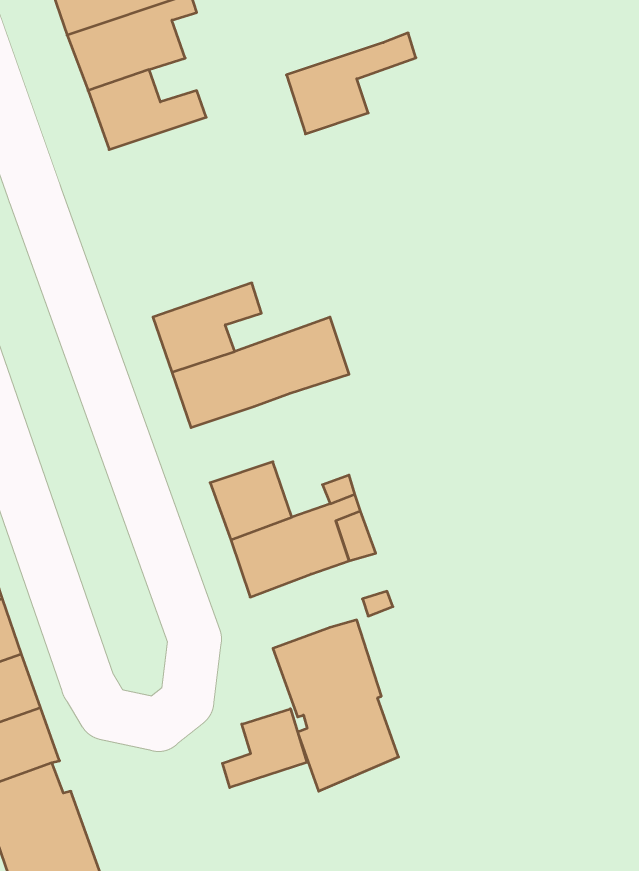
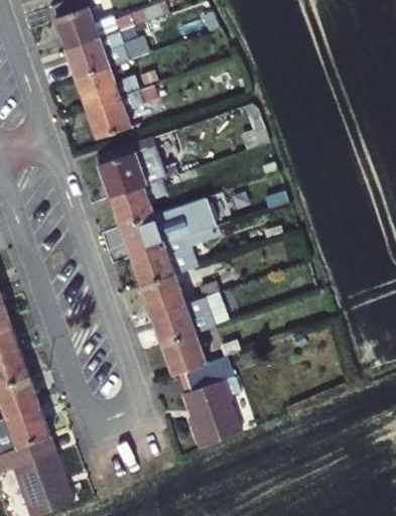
building: [286,33,416,134] -> [85,87,153,140]
building: none -> [94,139,174,198]
building: none -> [128,228,215,285]
building: none -> [159,334,202,373]
building: [222,709,307,788] -> none

